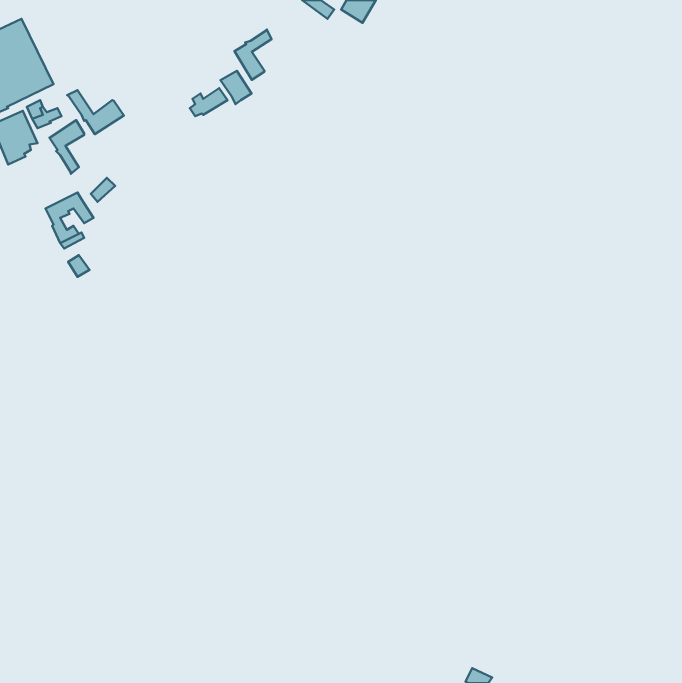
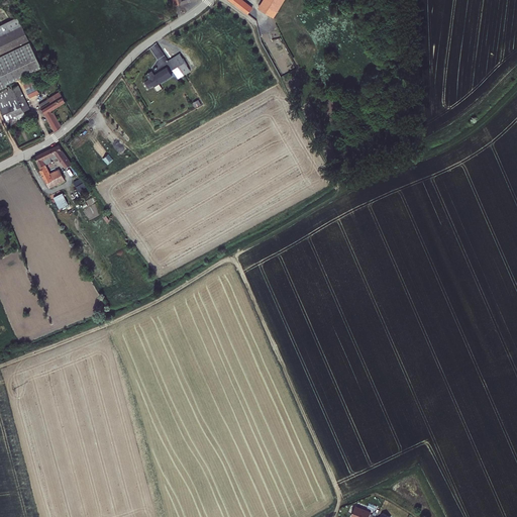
building: [234,29,271,80] -> none
building: [67,90,124,134] -> none

